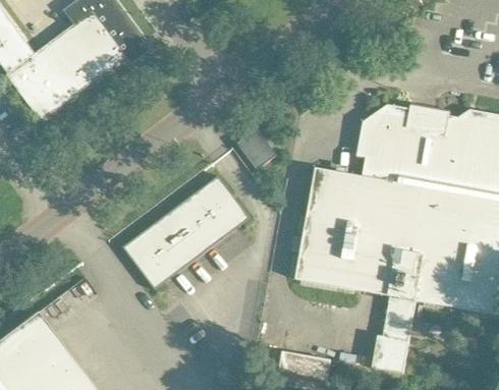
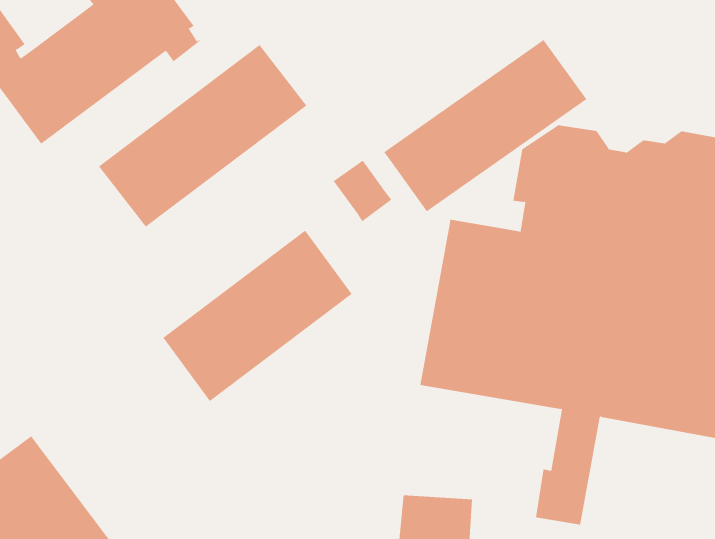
building: none -> [383,39,587,212]
building: none -> [98,44,307,228]

